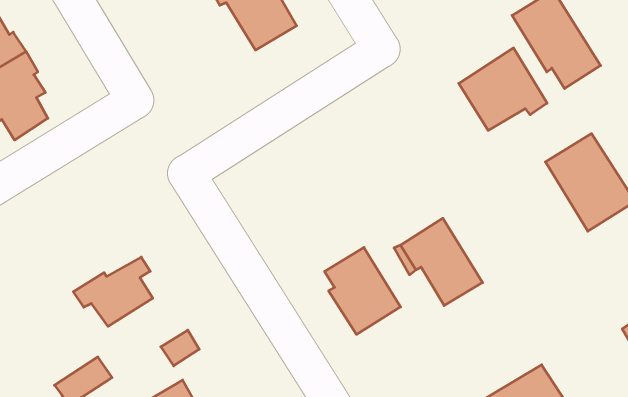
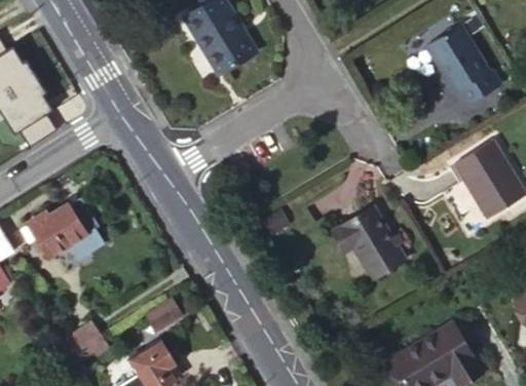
building: [459,48,547,130] -> none
building: [325,247,401,334] -> none
building: [73,257,153,326] -> [24,198,87,254]

